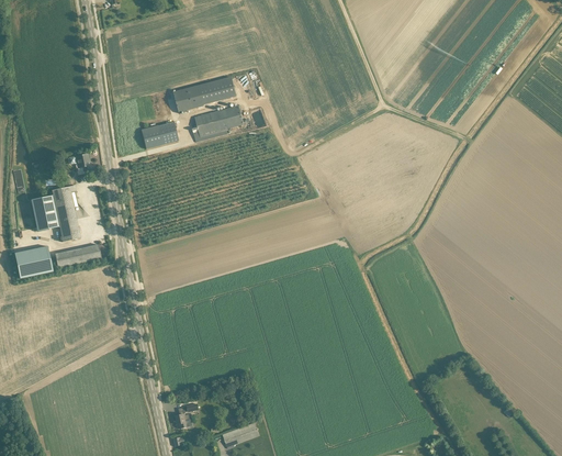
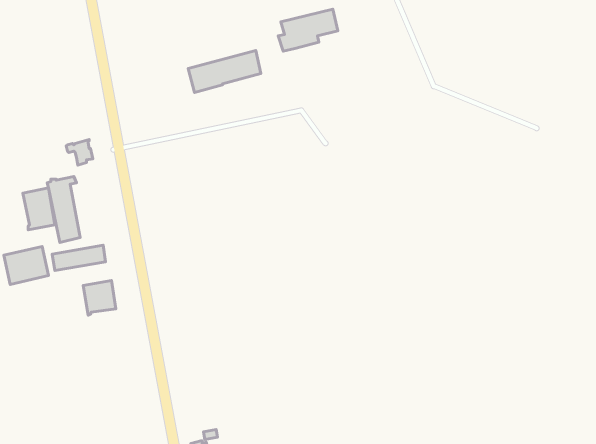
building: [192,105,244,142] -> [278,9,338,51]
building: [142,121,179,148] -> none
building: none -> [83,280,116,315]

